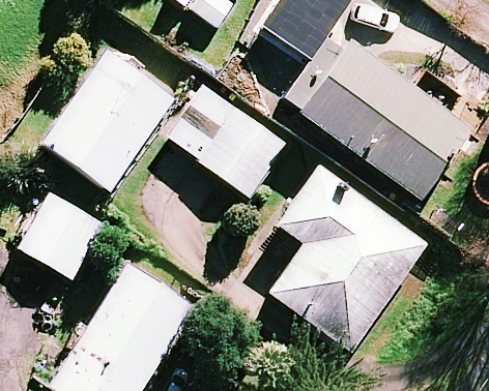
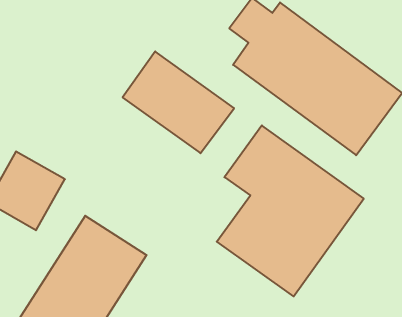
building: [44,49,176,187] -> none

